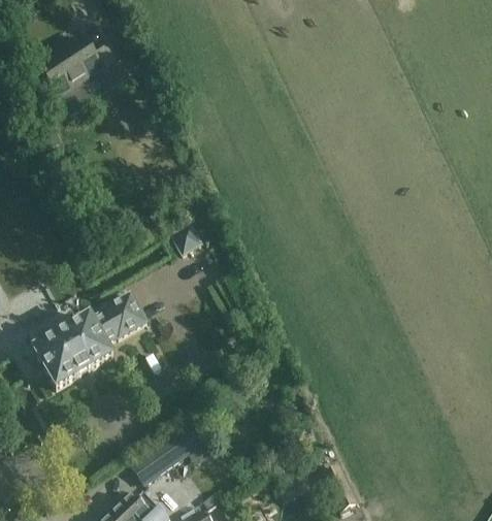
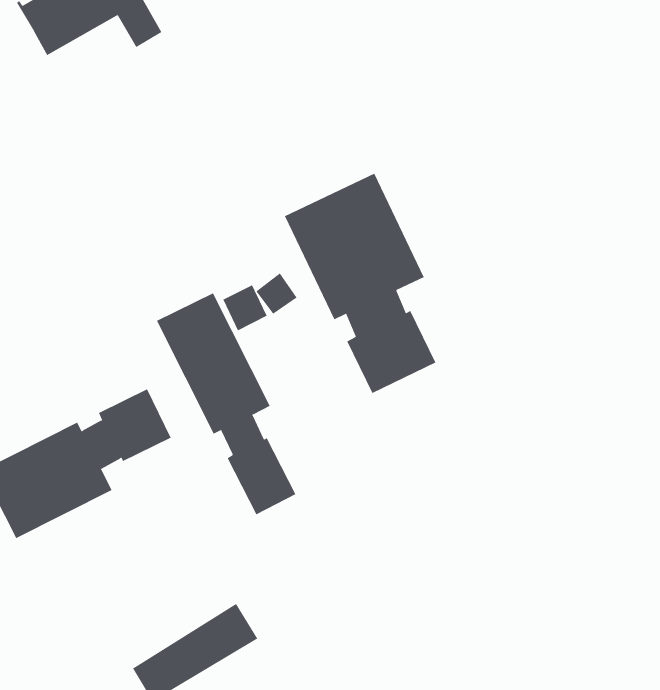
building: none -> [284,173,436,394]
building: none -> [156,293,296,515]

